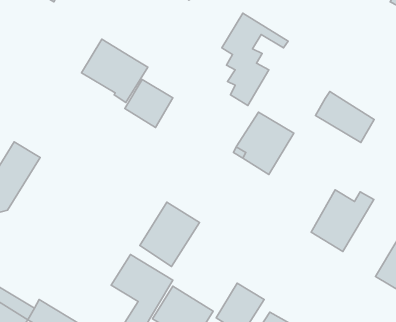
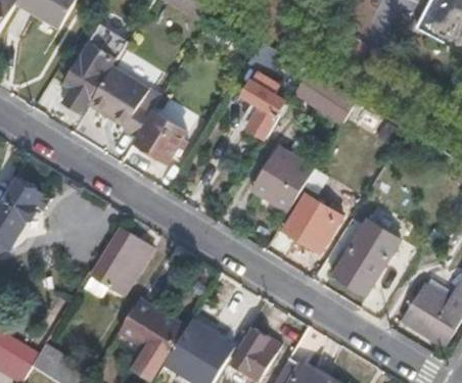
building: none -> [61,33,122,112]
building: [316,92,374,143] -> [292,69,355,124]
building: none -> [283,193,337,247]
building: [140,202,199,267] -> [91,228,154,296]

